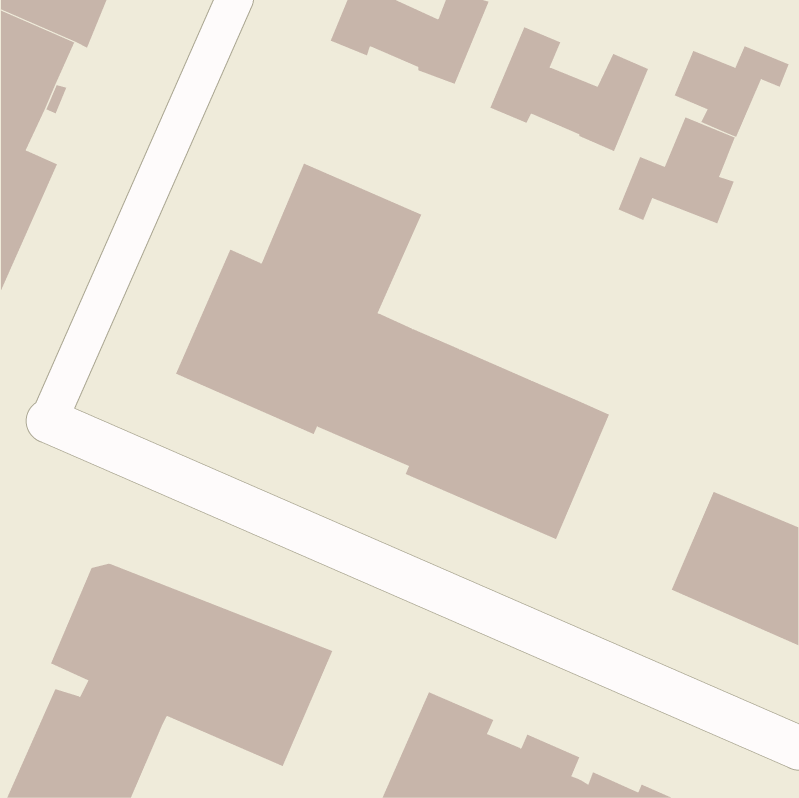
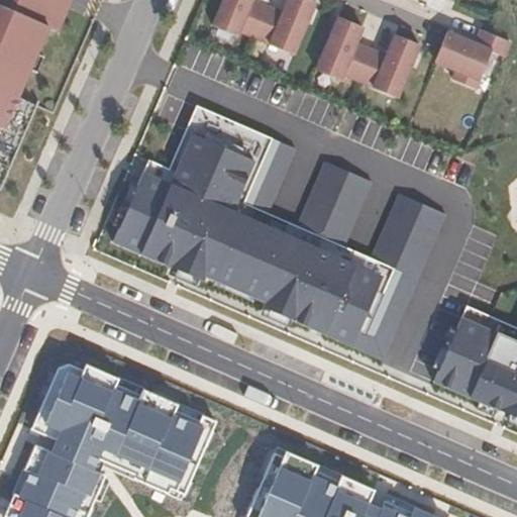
building: [618,116,735,224] -> none
building: none -> [244,138,295,212]
building: none -> [297,161,372,245]
building: none -> [359,193,445,358]

